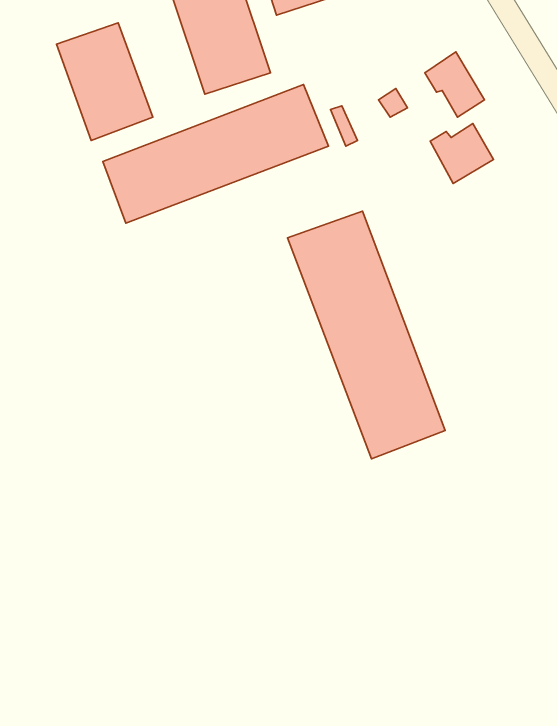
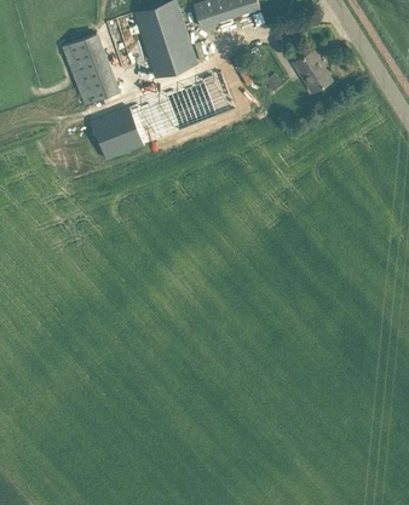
building: [430,124,493,184] -> none
building: [287,211,445,459] -> none

